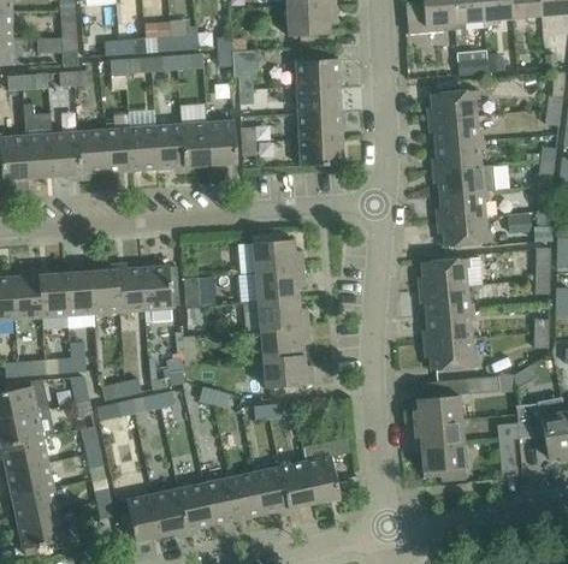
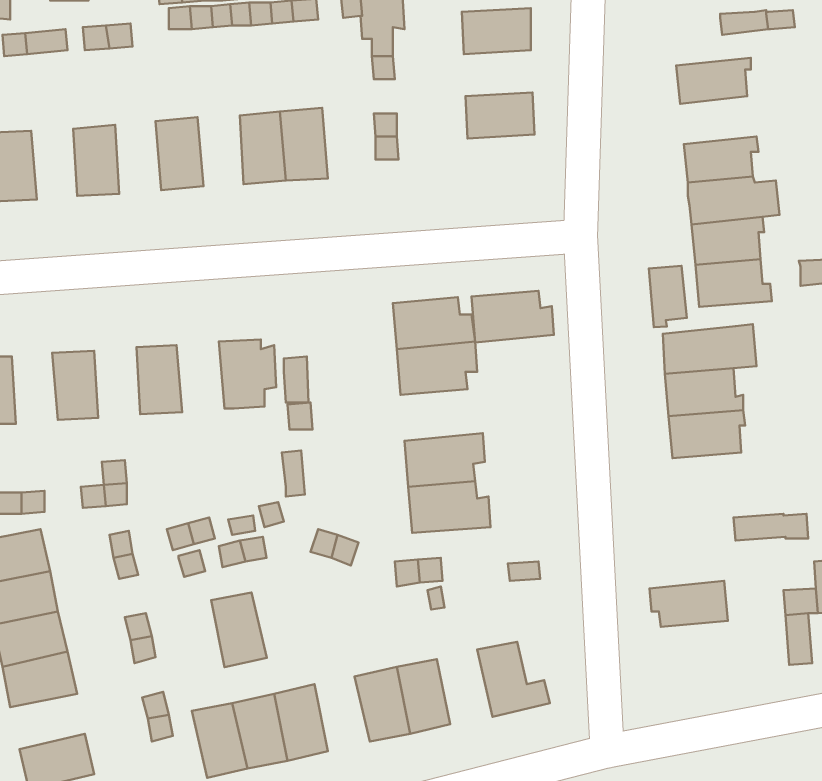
building: [296,84,339,113] -> none
building: [22,102,53,178] -> none
building: [432,113,480,143] -> none
building: [207,119,236,165] -> none
building: [129,125,158,170] -> none
building: [77,129,106,174] -> none
building: [298,137,342,166] -> none
building: none -> [649,266,687,327]
building: [116,267,146,311] -> none
building: [64,271,94,327] -> none
building: [12,274,41,319] -> none
building: [256,297,308,330] -> [471,291,554,343]
building: [427,337,477,369] -> none
building: [412,394,460,422] -> none
building: [420,443,467,485] -> none
building: [279,461,314,507] -> none
building: [202,477,237,524] -> [211,593,267,667]
building: [11,488,58,523] -> none

